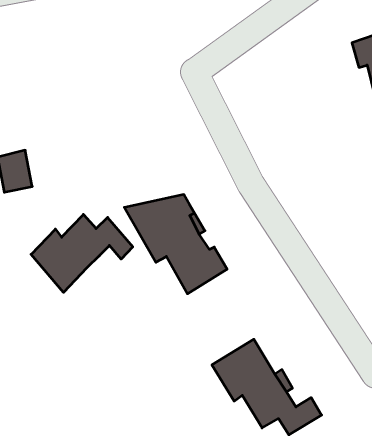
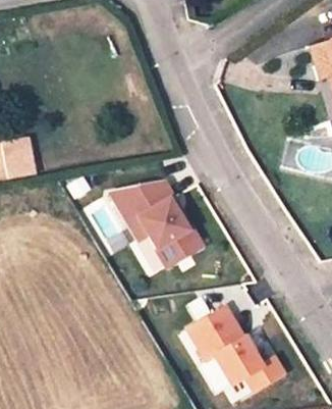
building: [31,214,133,292] -> none

